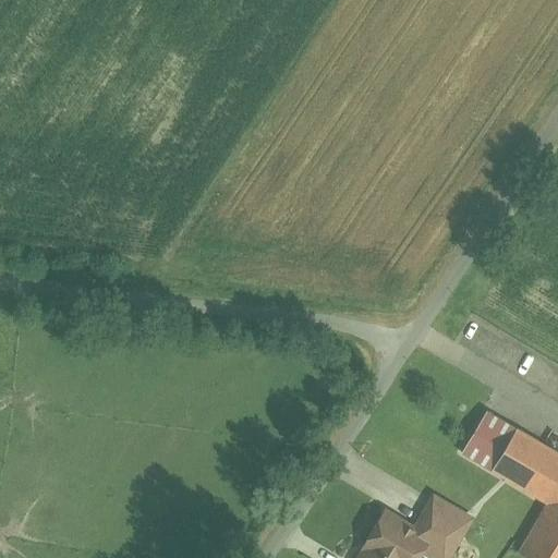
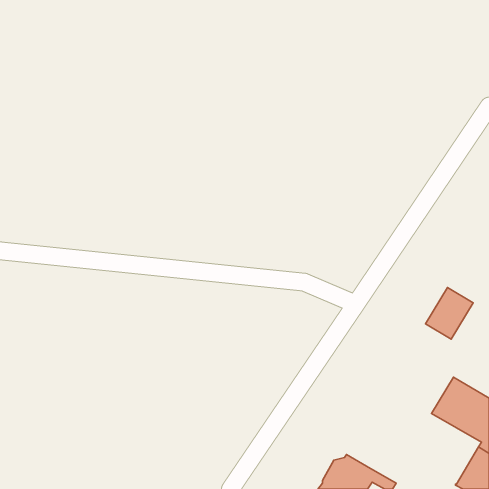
building: [462,412,517,471] -> [425,288,473,339]
building: [417,501,469,550] -> none

